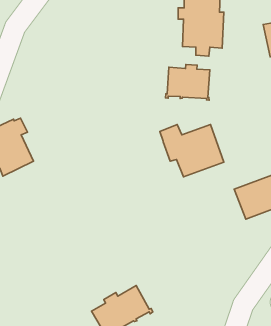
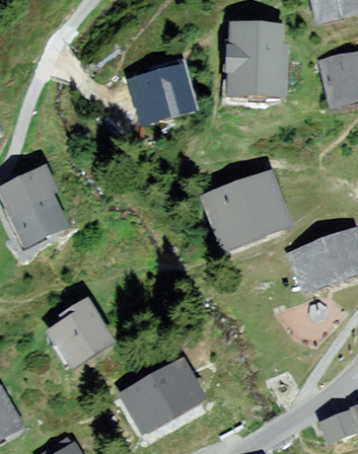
building: none -> [141,72,187,118]
building: [166,64,210,100] -> none
building: none -> [51,304,108,367]

